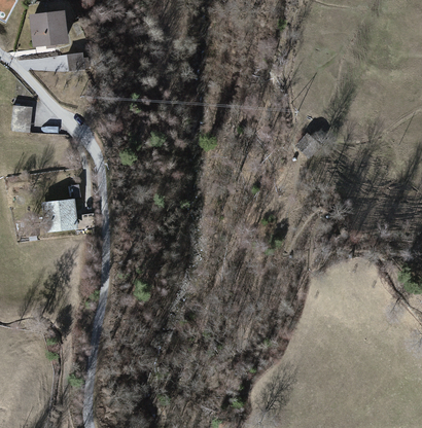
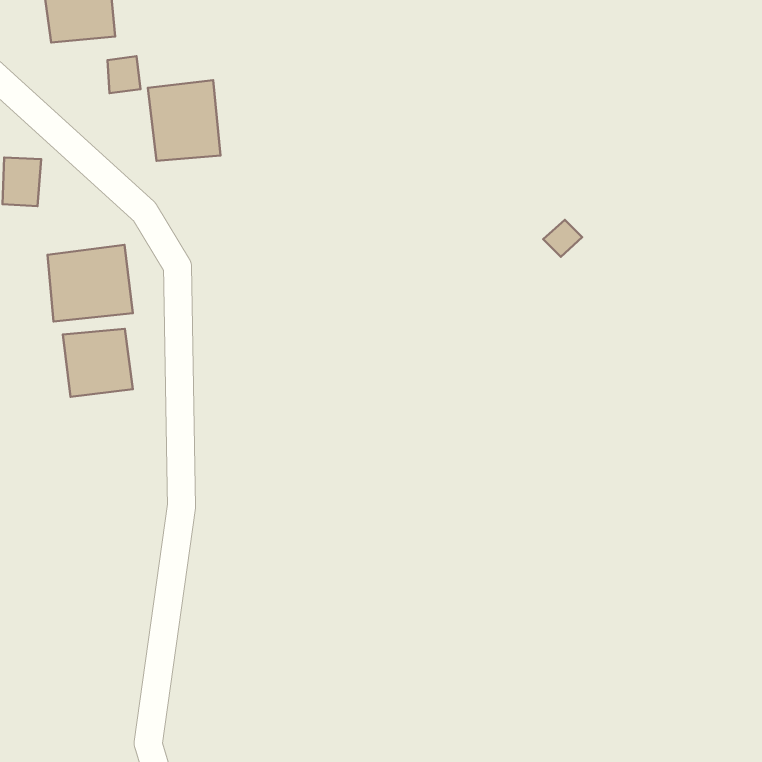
building: none -> [148,80,221,161]
building: none -> [48,245,133,322]

